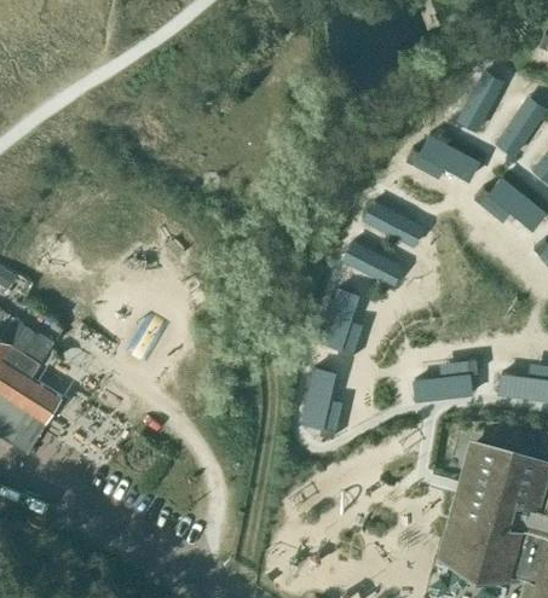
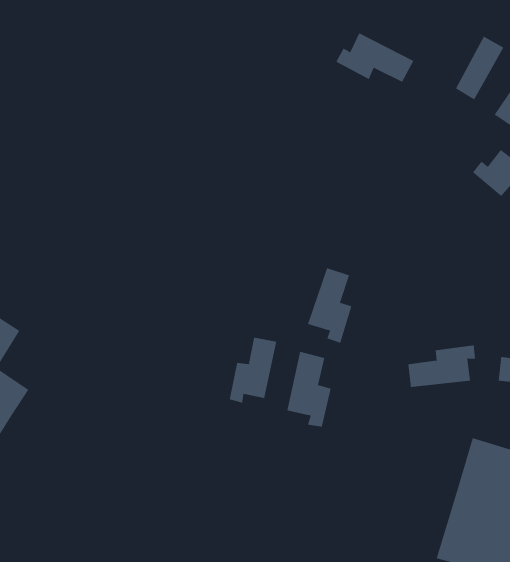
building: [408,133,481,180] -> [336,32,414,83]
building: [363,198,427,248] -> none
building: [342,240,405,289] -> none
building: none -> [229,337,277,404]

